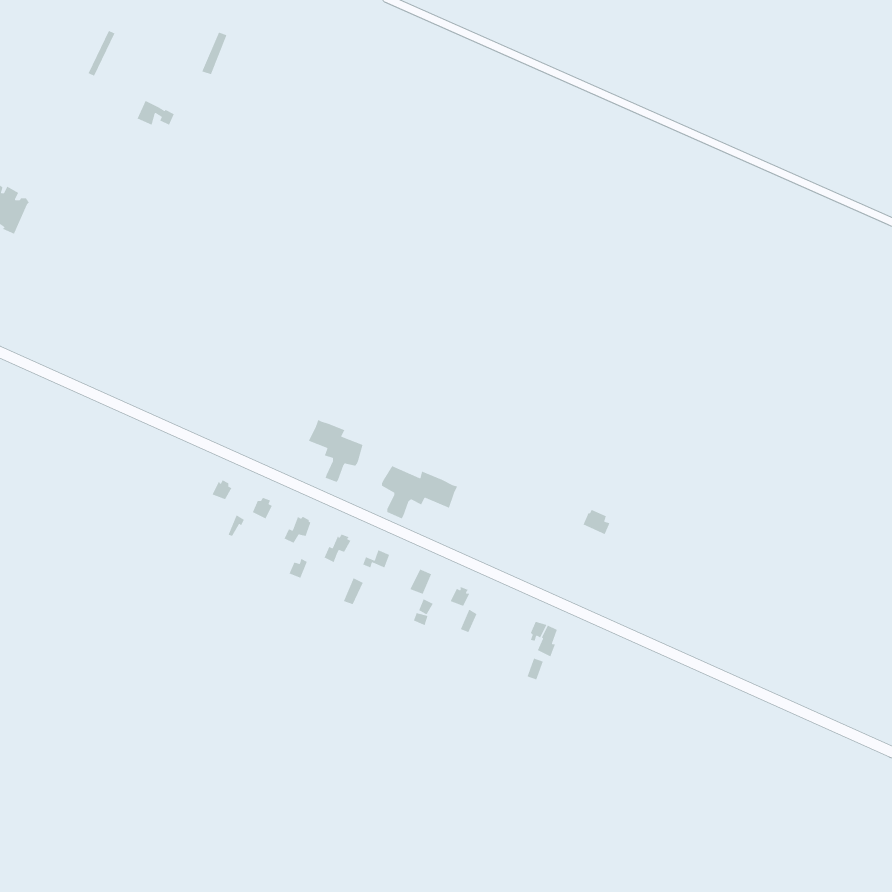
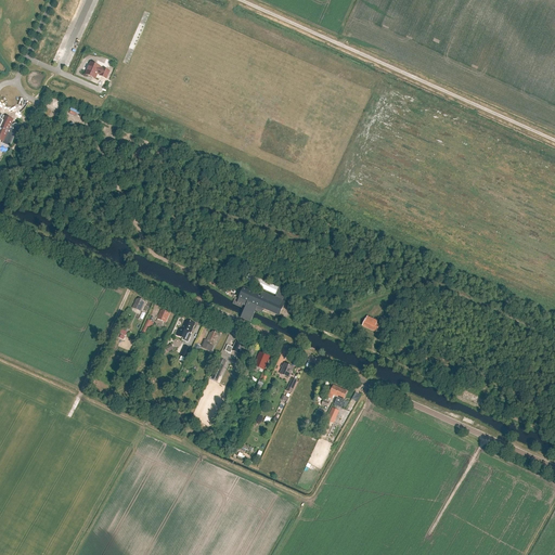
building: [308,419,363,483] -> none

